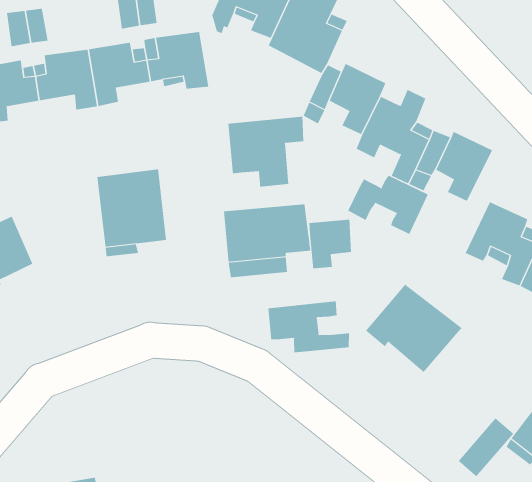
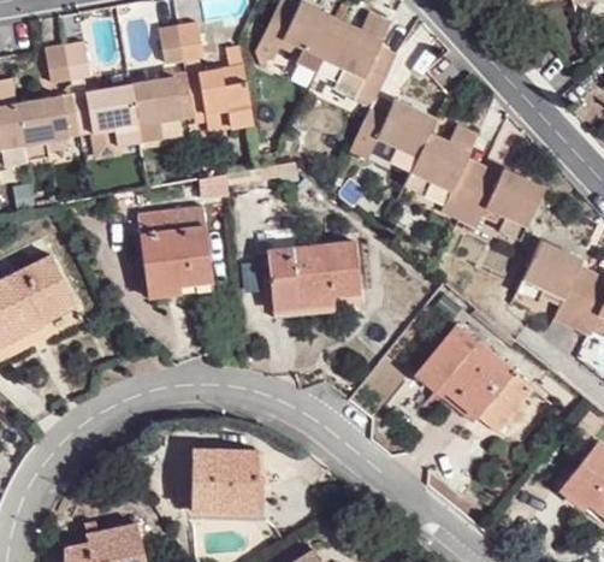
building: [228,116,304,188] -> none
building: [347,175,428,235] -> none
building: [309,219,351,269] -> none
building: [268,300,349,353] -> none
building: none -> [189,448,260,510]
building: [458,417,514,477] -> [474,372,532,433]

